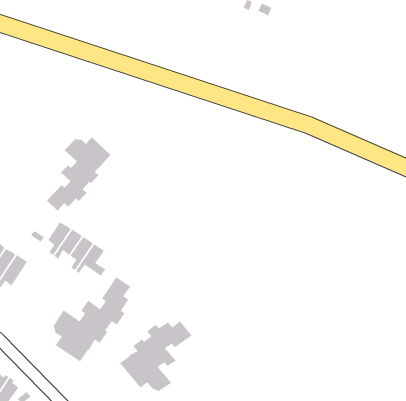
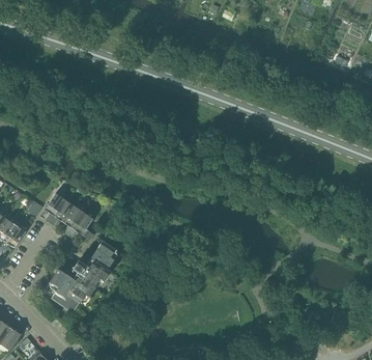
building: [46,137,111,213] -> none
building: [119,319,192,392] -> none

